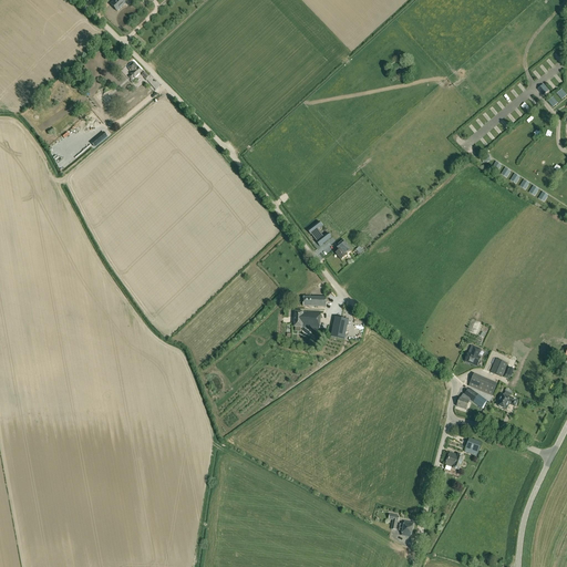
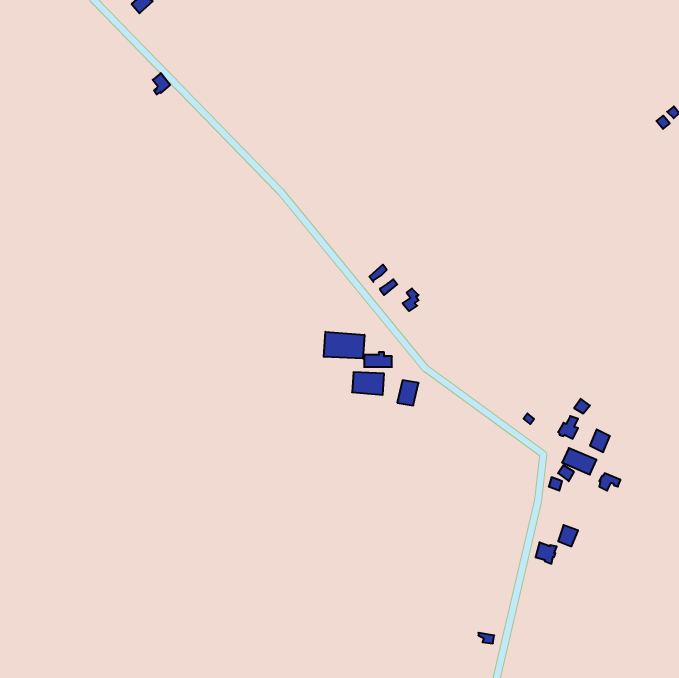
building: none -> [324,332,364,359]

